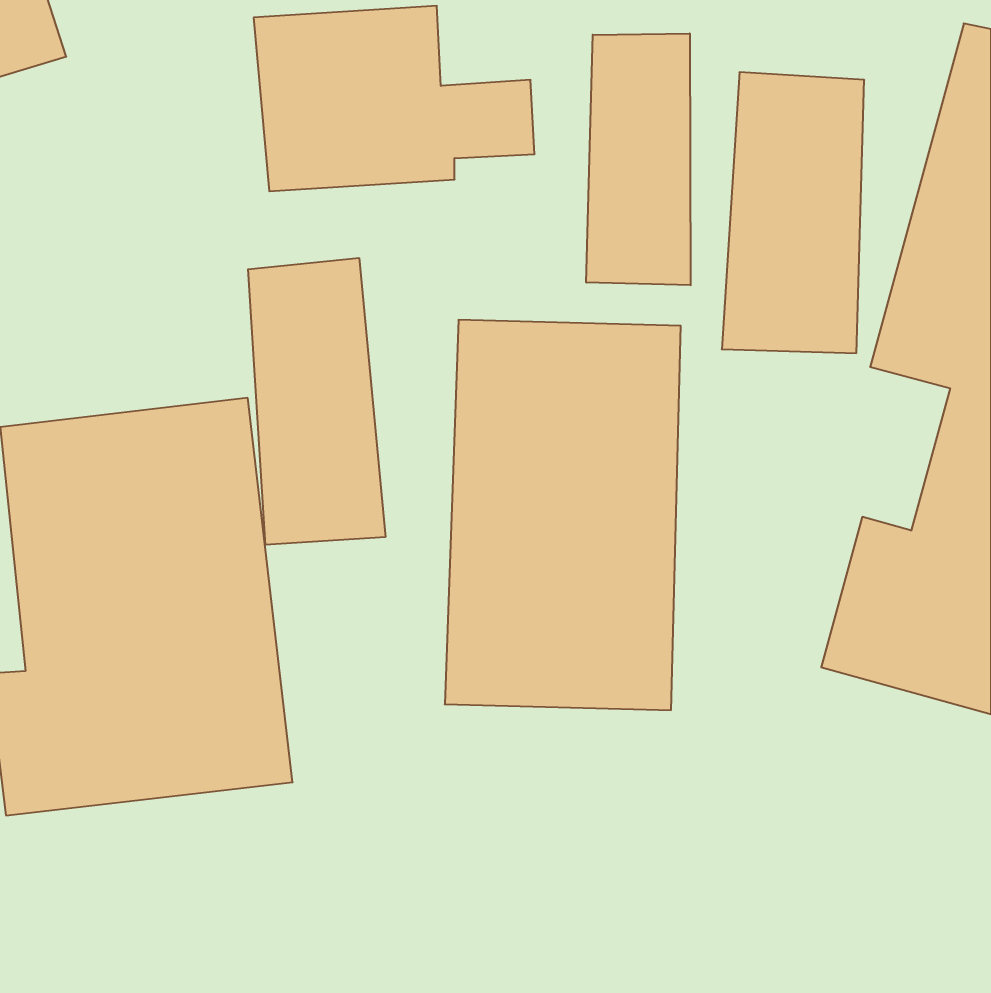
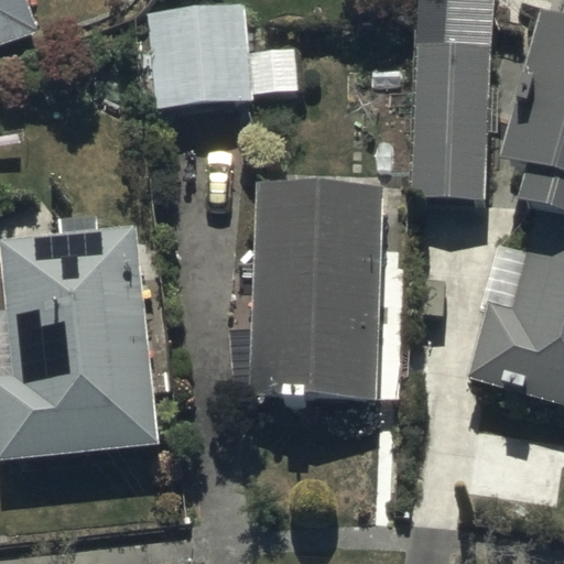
building: [586,33,691,285] -> none
building: [248,258,385,545] -> none

